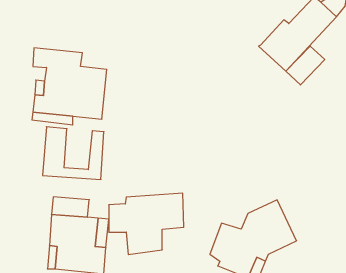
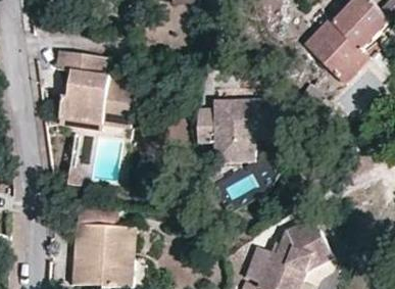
building: [109,193,184,255] -> [195,101,274,165]

